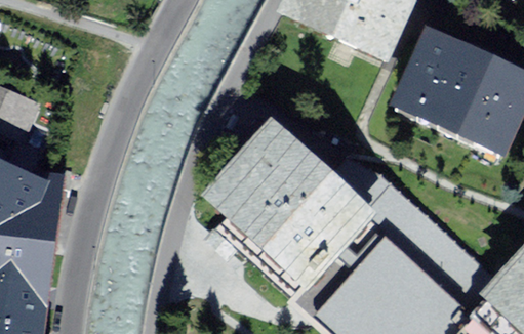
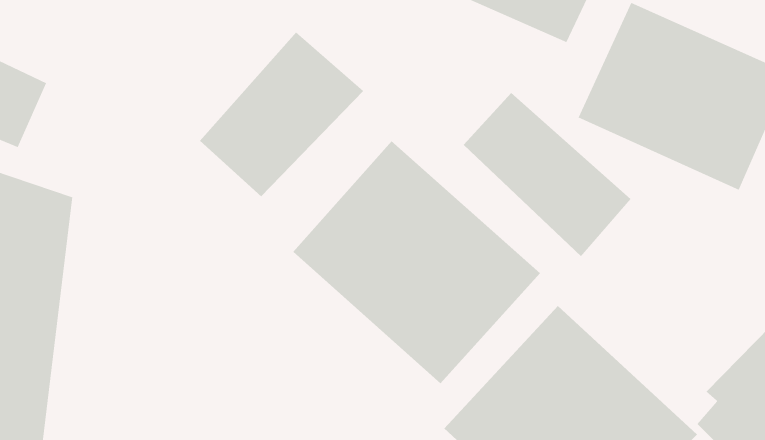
building: none -> [199,32,364,197]
building: none -> [463,92,631,257]

